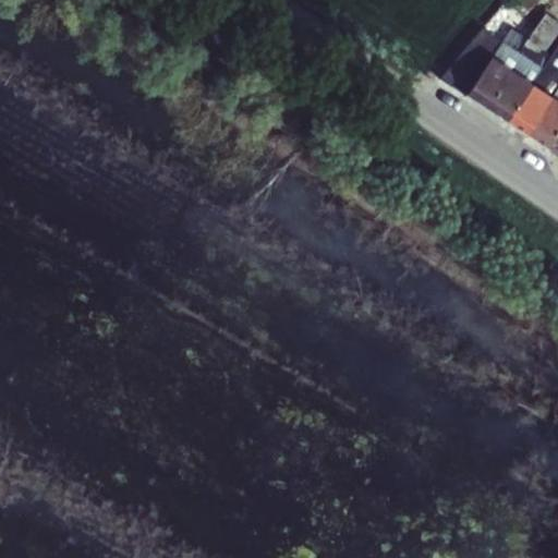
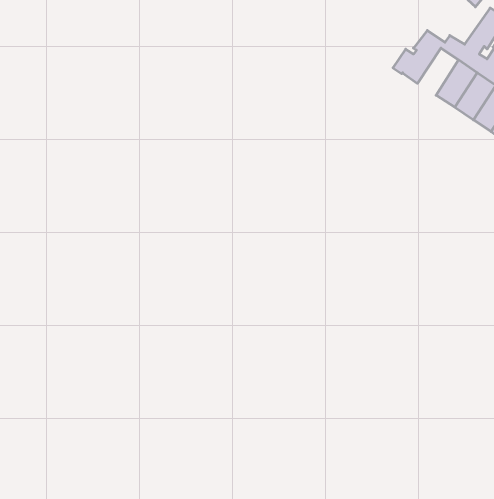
building: [472,53,518,106] -> none

